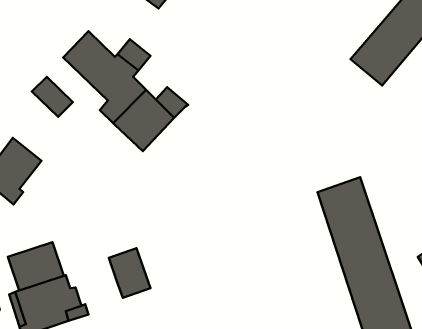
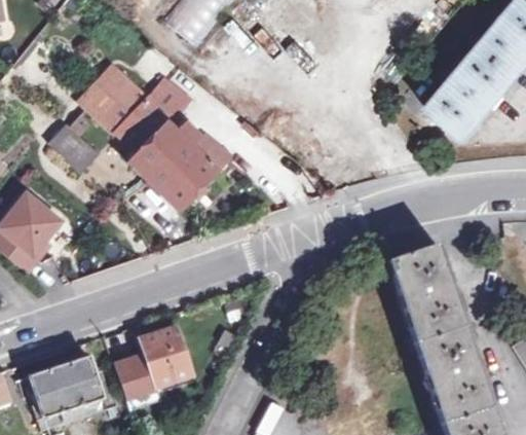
building: [8,242,64,291] -> none
building: none -> [115,352,158,393]

